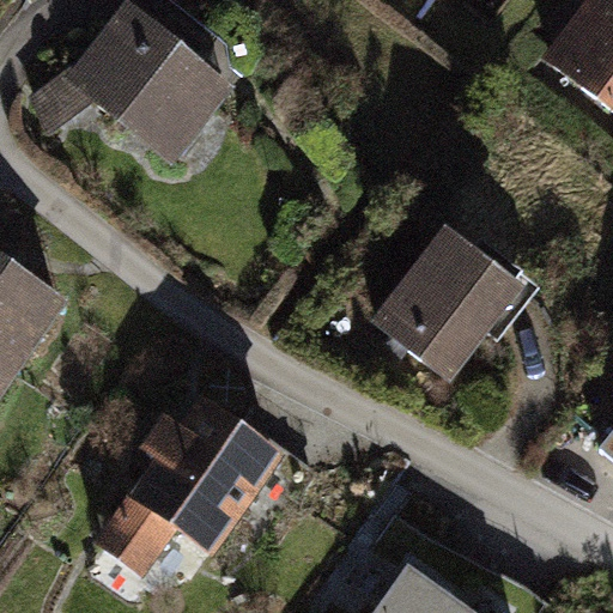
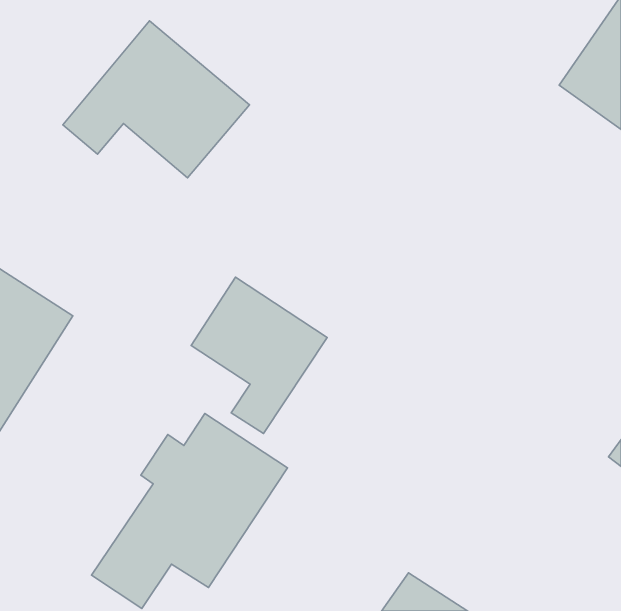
building: [371,231,517,381] -> none
building: none -> [191,277,327,433]

